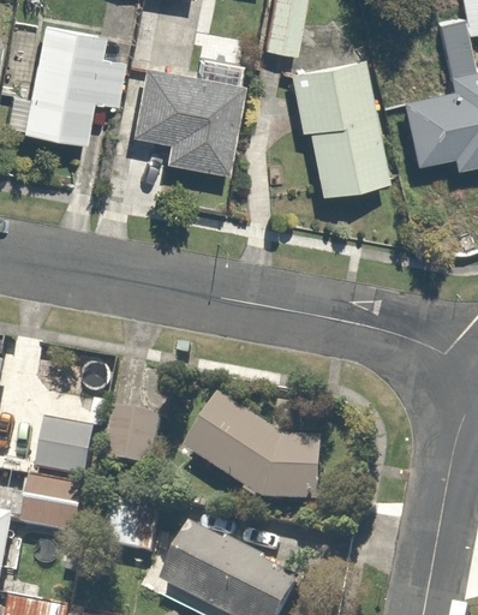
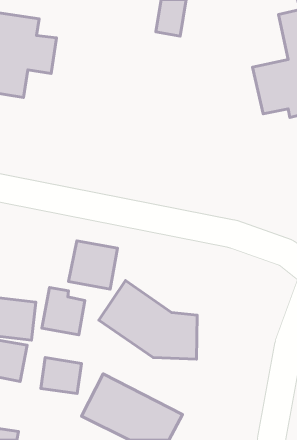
building: [287,50,390,190] -> none
building: [131,62,239,169] -> none
building: none -> [69,241,118,289]

